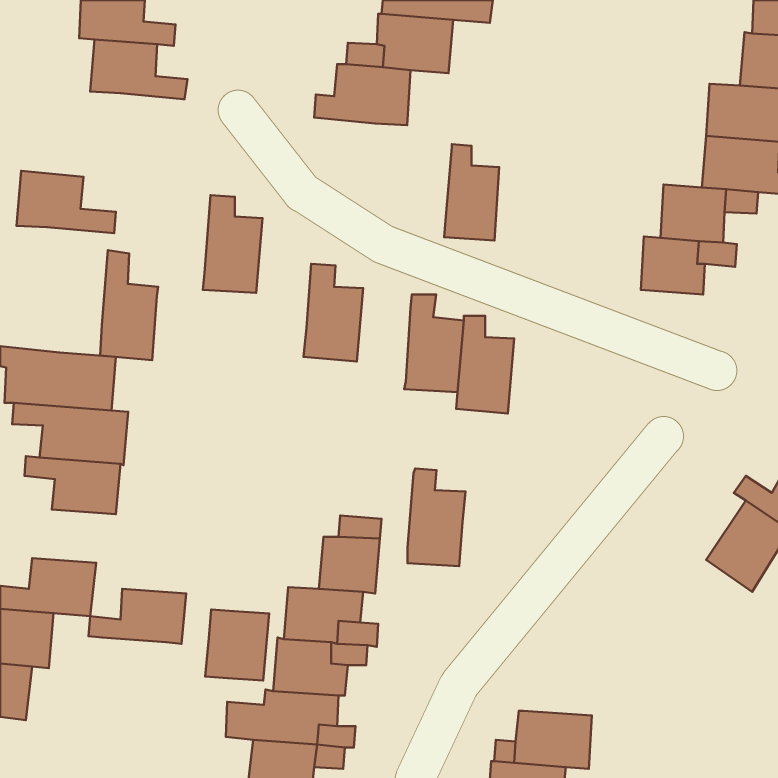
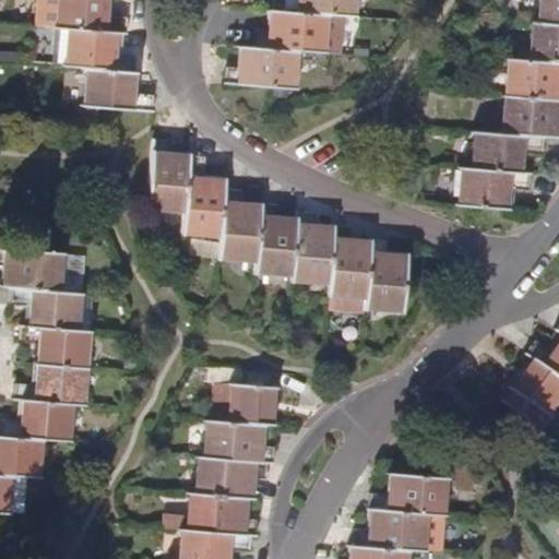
building: [444,144,499,240] -> [255,205,295,274]
building: [17,171,116,233] -> [84,68,155,112]
building: [100,250,158,360] -> [183,157,225,236]
building: [407,469,465,566] -> [365,240,406,310]
building: [88,589,186,644] -> [14,366,84,405]
building: [205,609,269,681] -> none
building: none -> [376,474,444,515]

